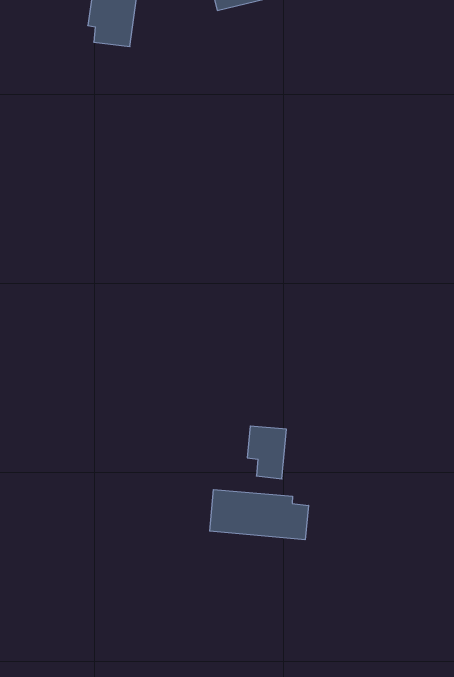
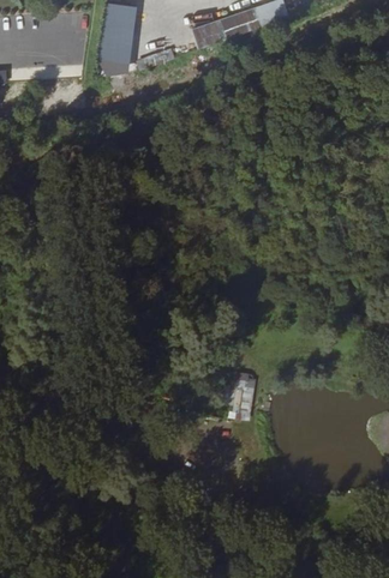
building: [210,490,309,540] -> none

